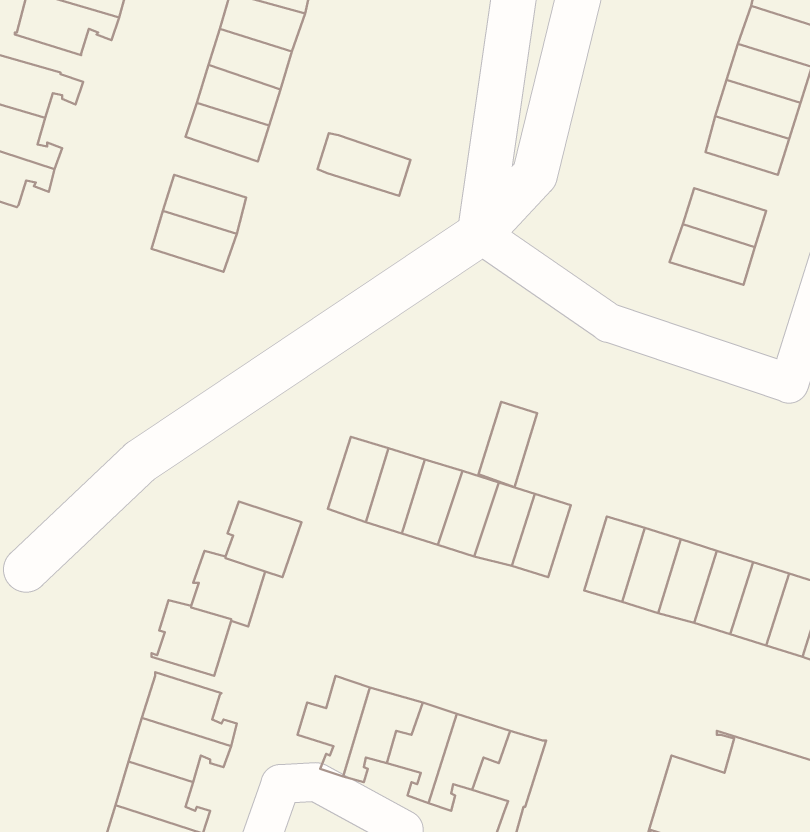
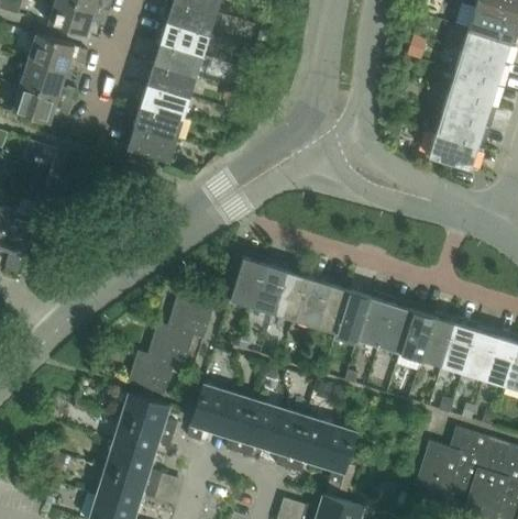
building: [318,133,411,196] -> [135,82,189,119]
building: none -> [442,92,491,126]
building: [478,402,537,487] -> [357,297,392,346]
building: none -> [187,386,234,442]

